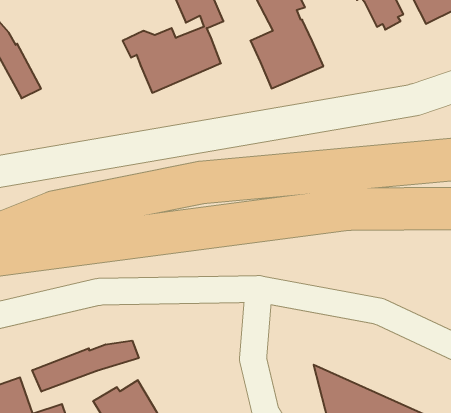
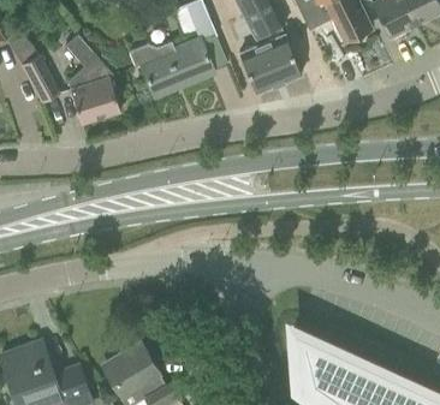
building: none -> [64,35,119,124]
building: [32,341,139,392] -> none

